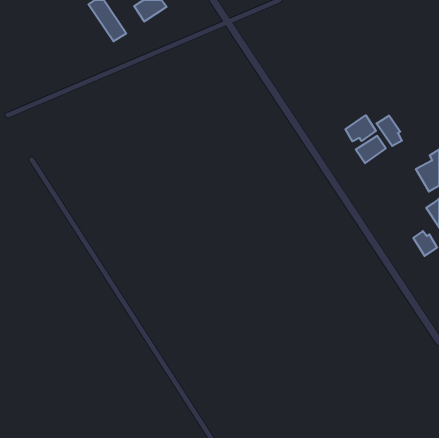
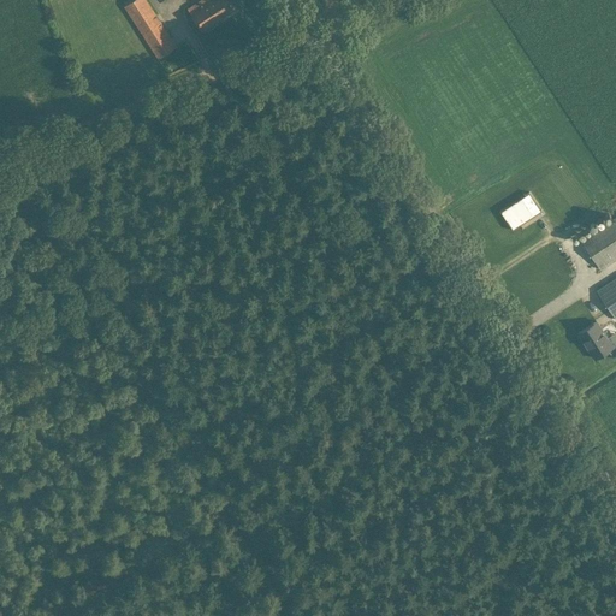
building: [345,115,376,141] -> none
building: [376,116,402,146] -> none

